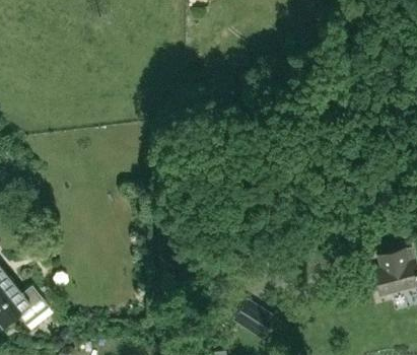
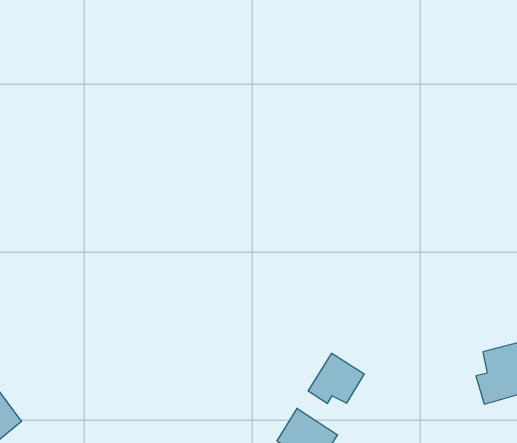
building: none -> [308,353,364,404]

